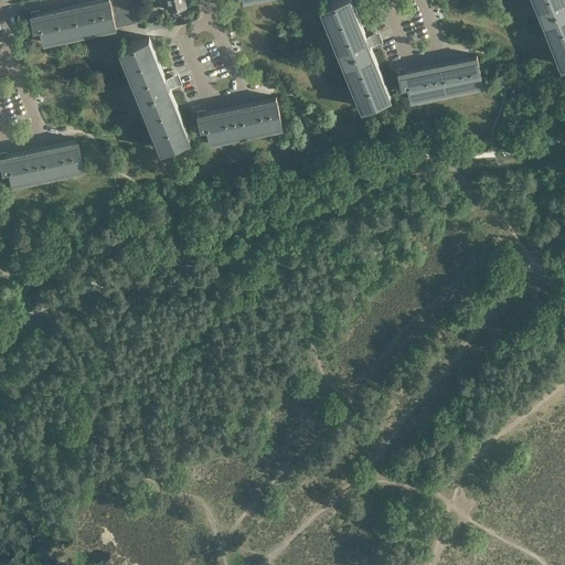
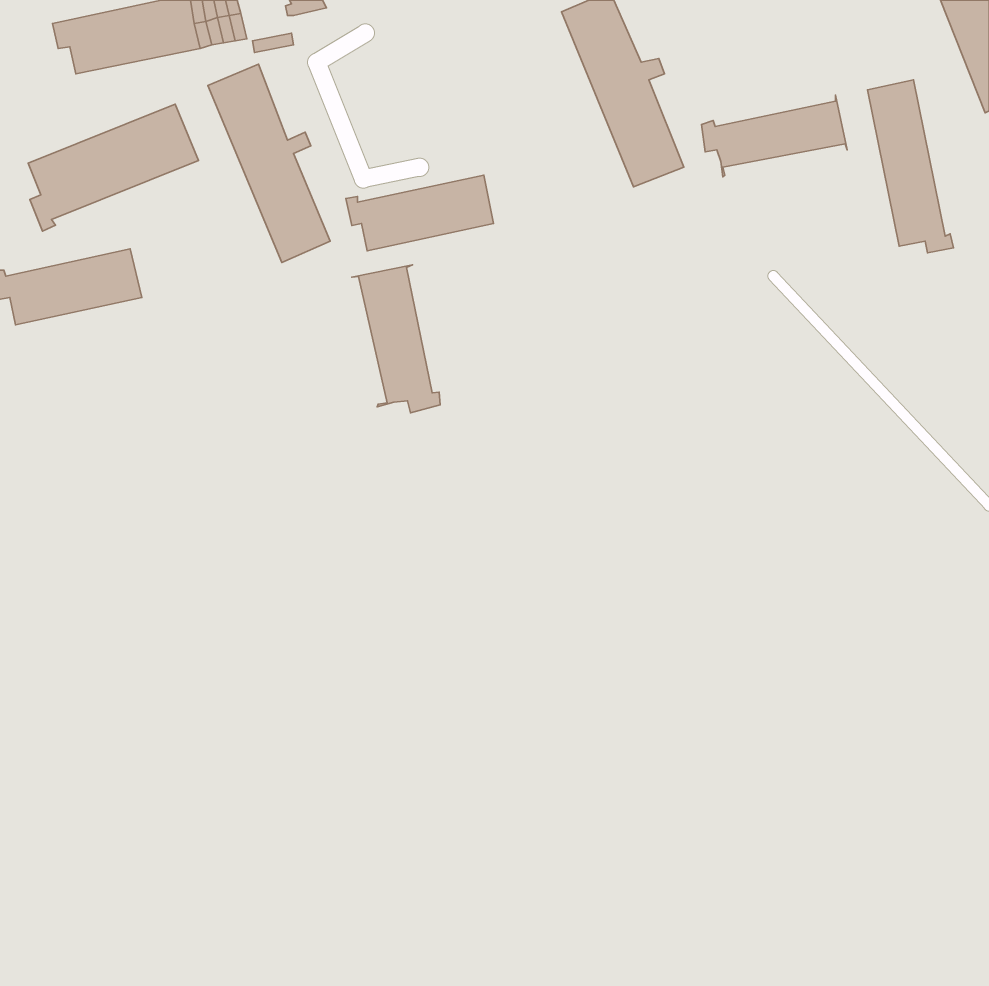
building: none -> [868,80,954,253]
building: none -> [28,104,199,231]
building: none -> [352,265,440,413]

